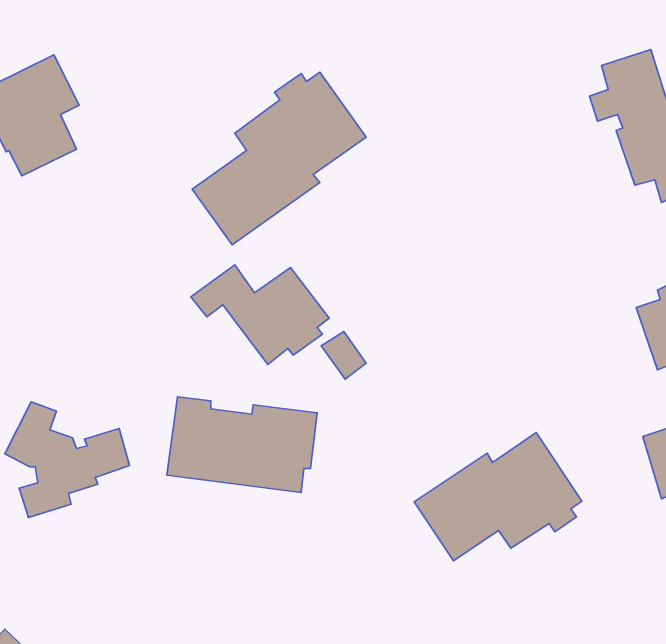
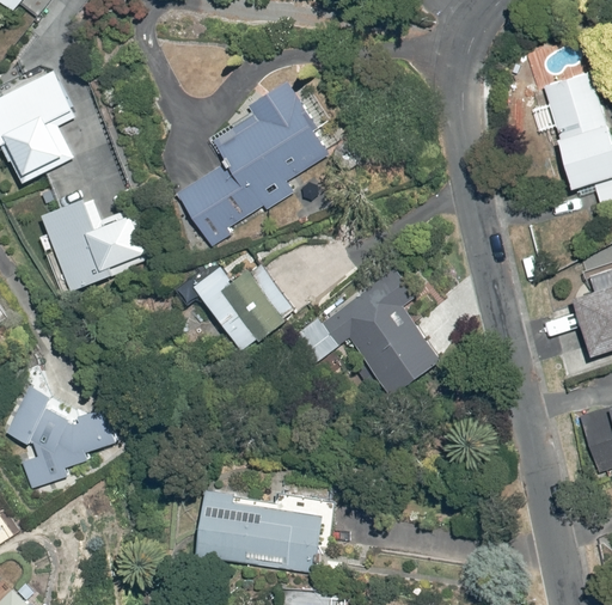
building: none -> [38,194,148,293]
building: none -> [318,280,442,401]
building: [167,397,317,493] -> [197,487,332,573]
building: [414,433,582,561] -> none

